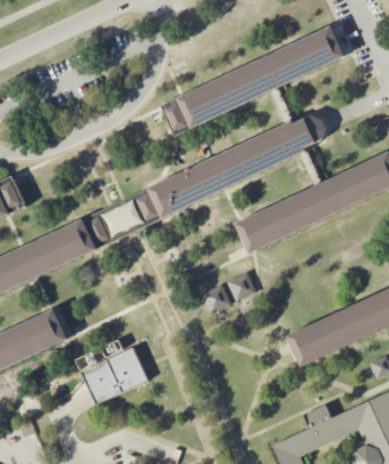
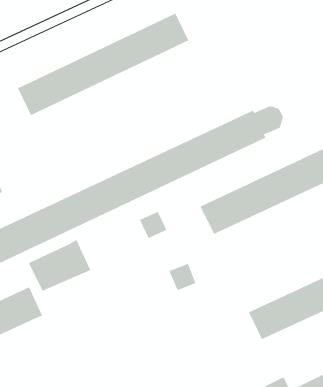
building: [161,26,344,136] -> [17,13,189,116]
building: [226,272,255,302] -> [139,211,167,239]
building: [80,348,148,404] -> [28,239,91,291]

